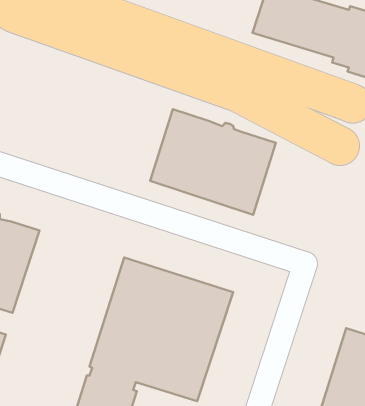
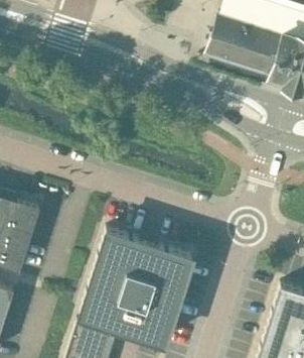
building: [150,109,276,215] -> none

